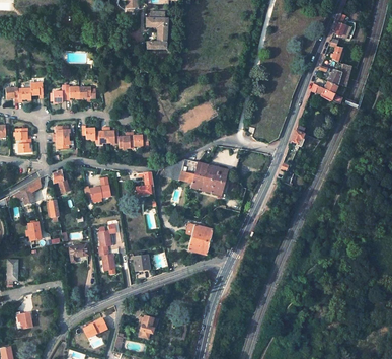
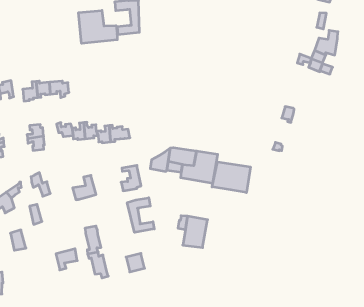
building: none -> [79,10,117,43]
building: none -> [212,162,250,193]
building: none -> [127,198,154,232]

